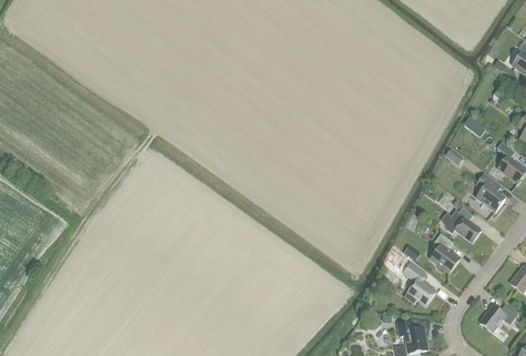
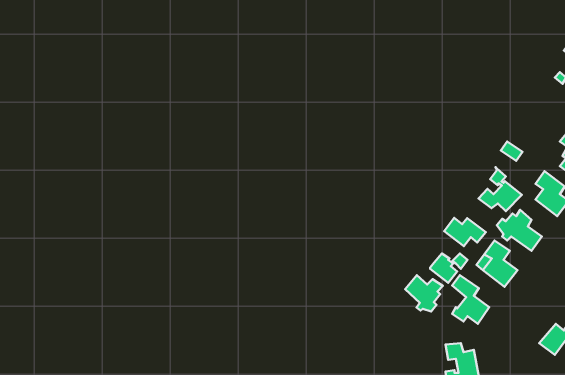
building: none -> [478,167,522,211]
building: none -> [444,218,486,246]
building: none -> [405,275,443,311]

